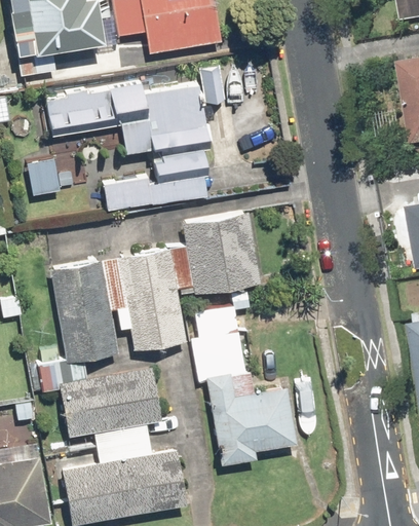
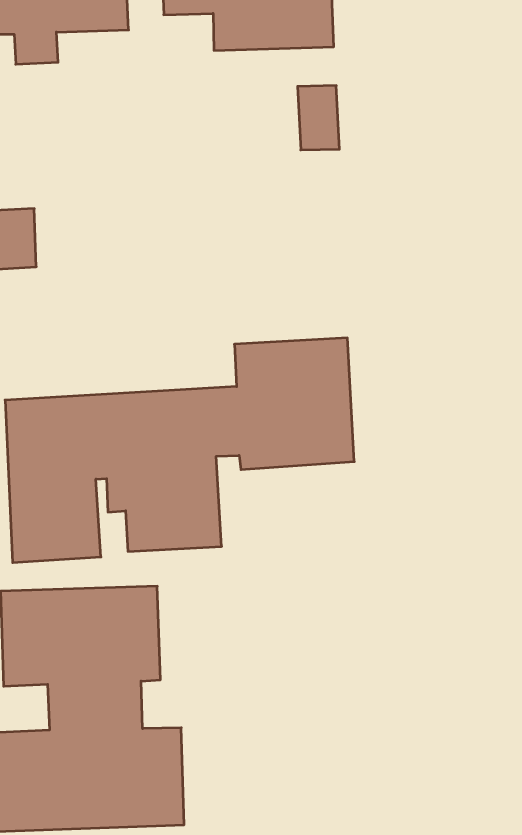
building: [46,82,205,153] -> none
building: [103,151,210,211] -> none
building: [191,306,295,465] -> none

